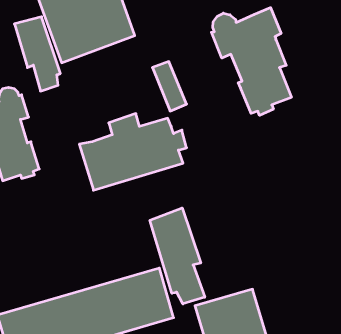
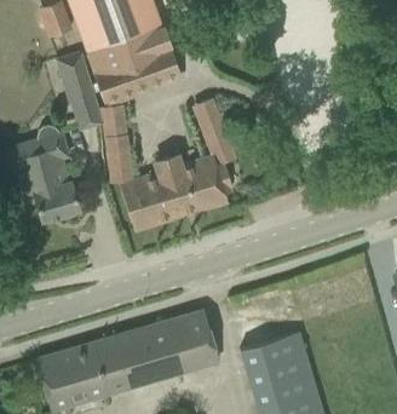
building: [211,8,291,115] -> none
building: none -> [100,107,136,184]
building: [150,208,205,304] -> none

